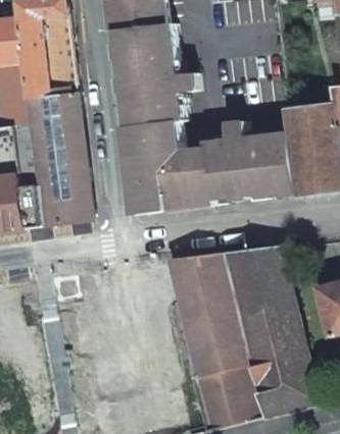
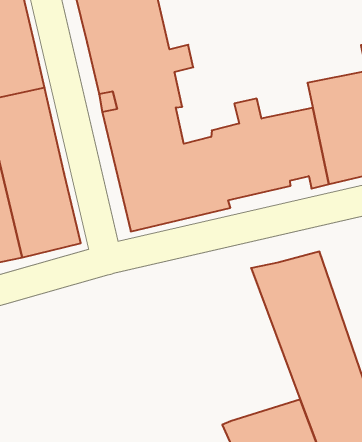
building: [169,254,251,374] -> none

